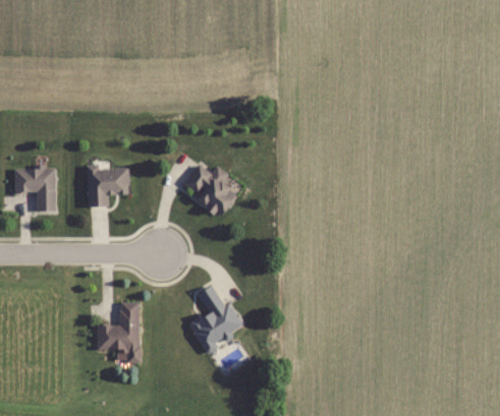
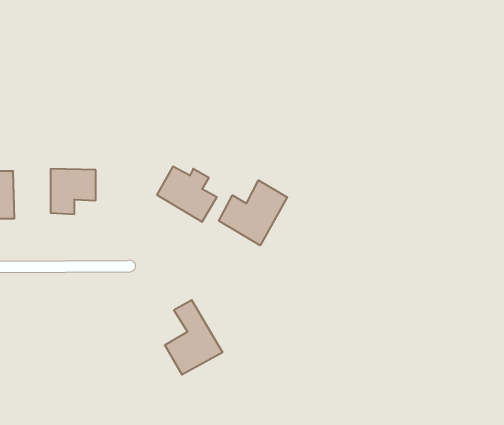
building: none -> [219,180,287,245]
building: [98,302,140,363] -> none

